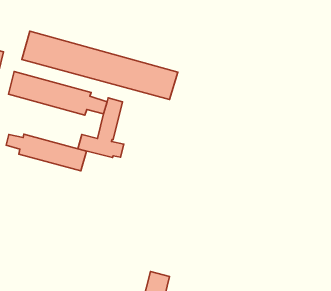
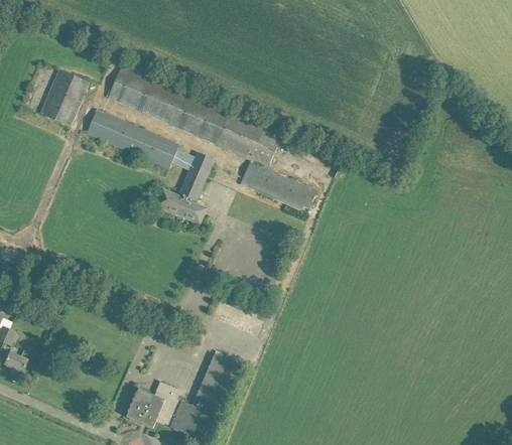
building: none -> [238,161,315,210]
building: [6,134,87,171] -> none

